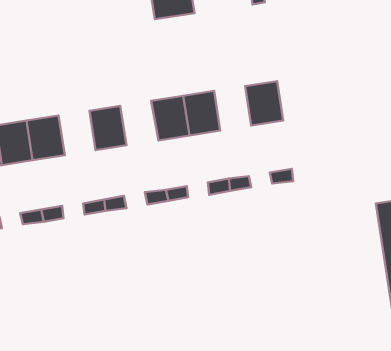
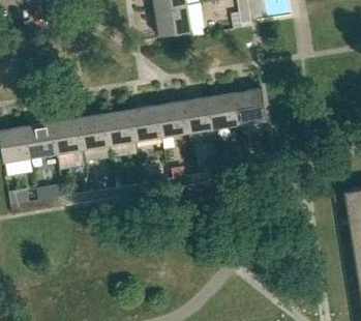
building: none -> [208,92,239,129]
building: none -> [129,105,161,142]
building: none -> [78,113,109,150]

